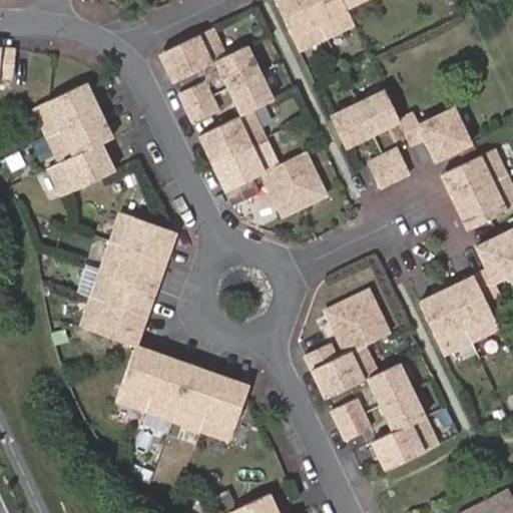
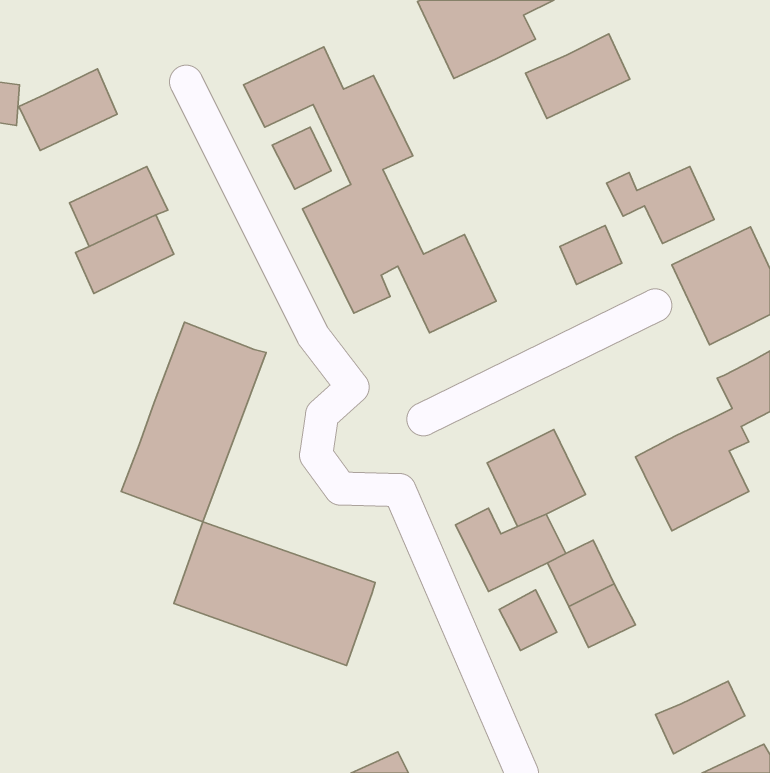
building: [32,80,97,134] -> [19,69,117,150]
building: [333,91,402,147] -> [526,34,630,119]
building: [373,414,432,462] -> [655,681,745,754]

